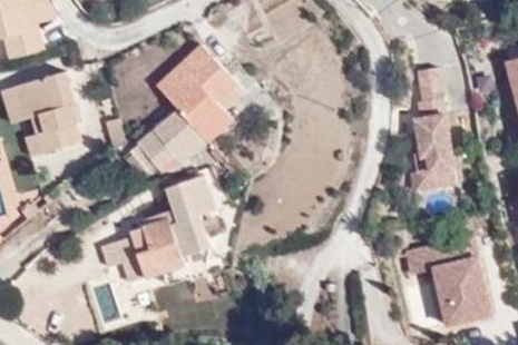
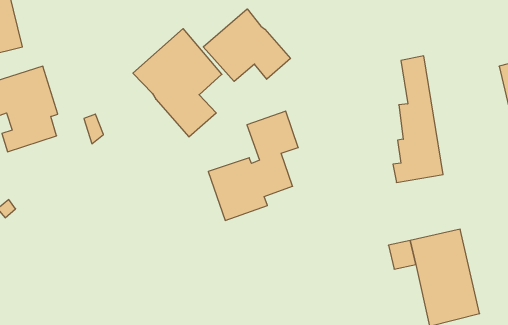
building: none -> [203,9,290,81]
building: [134,106,204,167] -> none
building: [126,177,214,284] -> [208,111,298,220]

